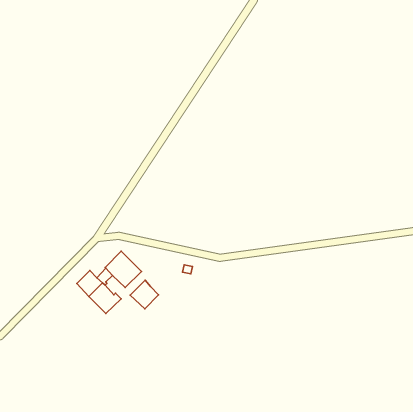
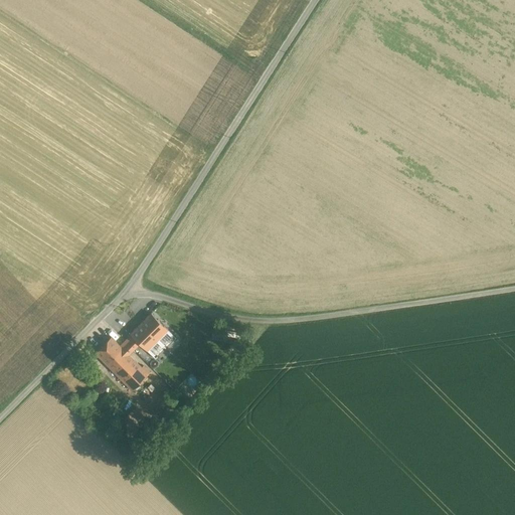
building: [130,280,159,309] -> none

